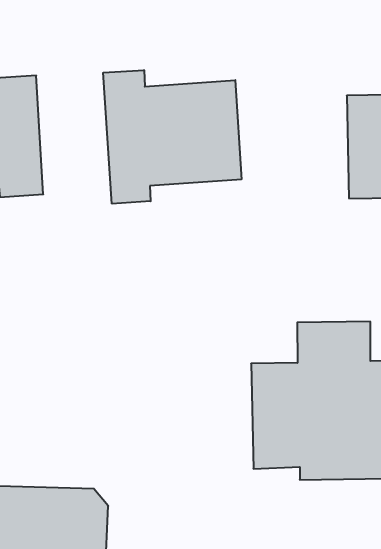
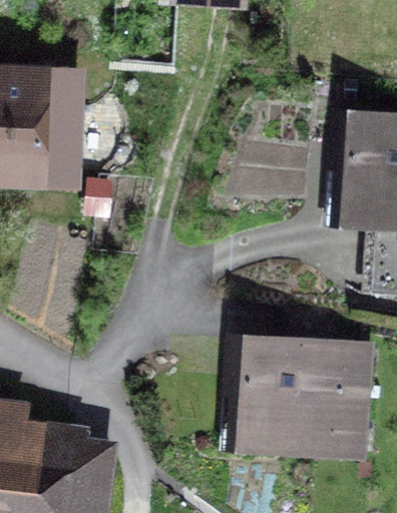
building: [103,70,241,204] -> none

